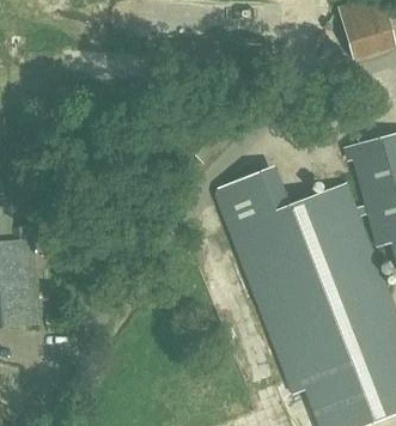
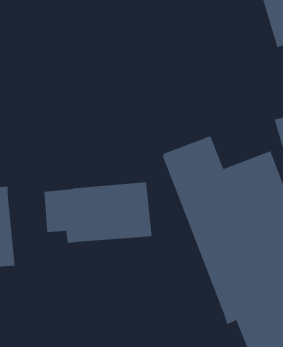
building: none -> [44,181,152,244]

